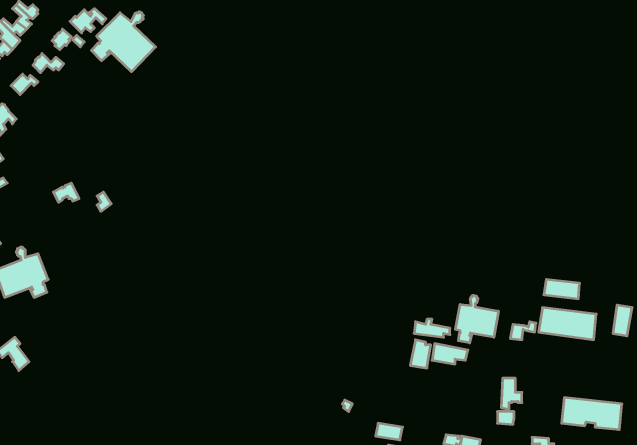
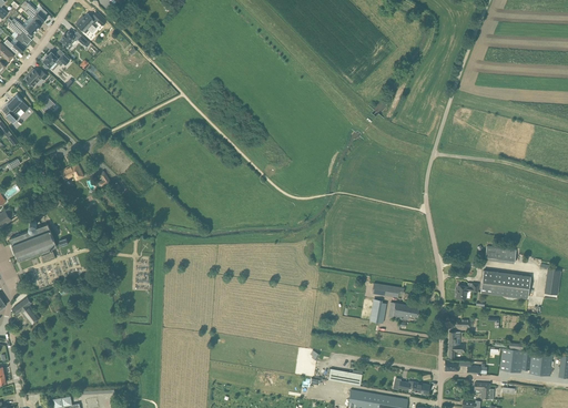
building: [91,12,156,72] -> none
building: [455,295,498,343] -> none

